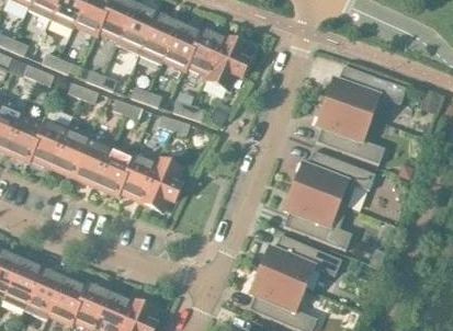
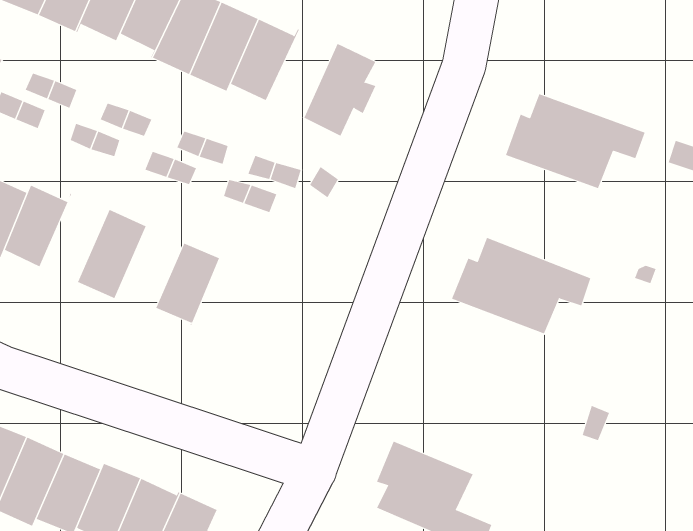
building: [183,27,225,79] -> none
building: [315,101,384,163] -> none
building: [50,124,91,175] -> none
building: [94,142,135,195] -> none
building: [139,157,181,212] -> none
building: [282,185,351,249] -> none
building: [258,233,341,288] -> none

